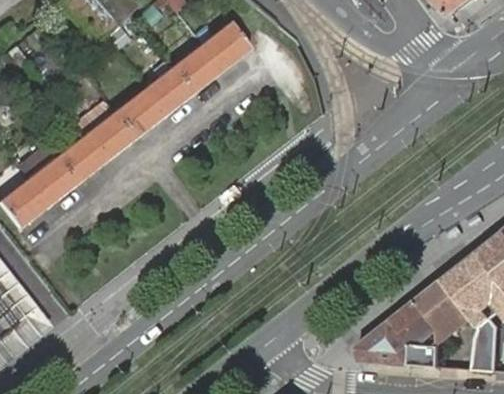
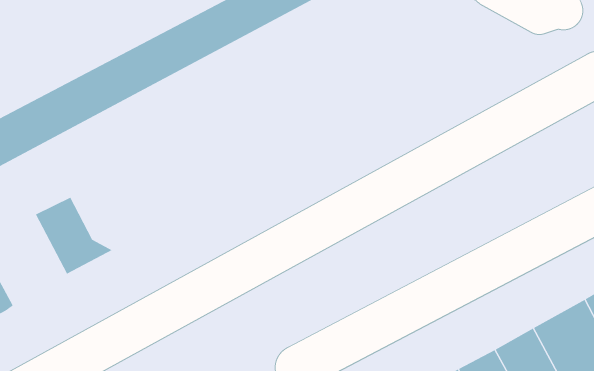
building: none -> [35,197,113,274]

